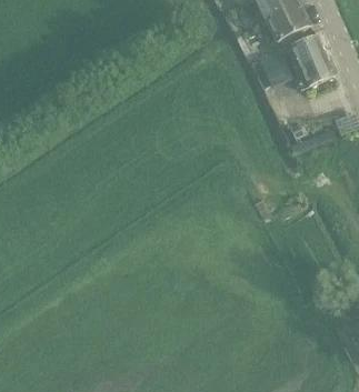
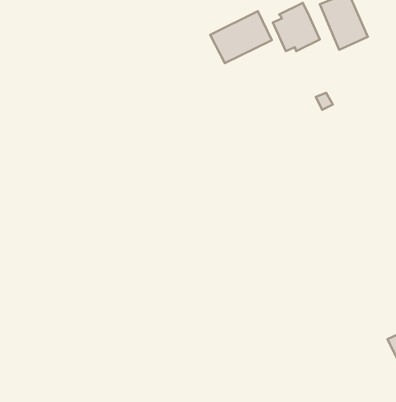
building: none -> [210,11,272,63]

